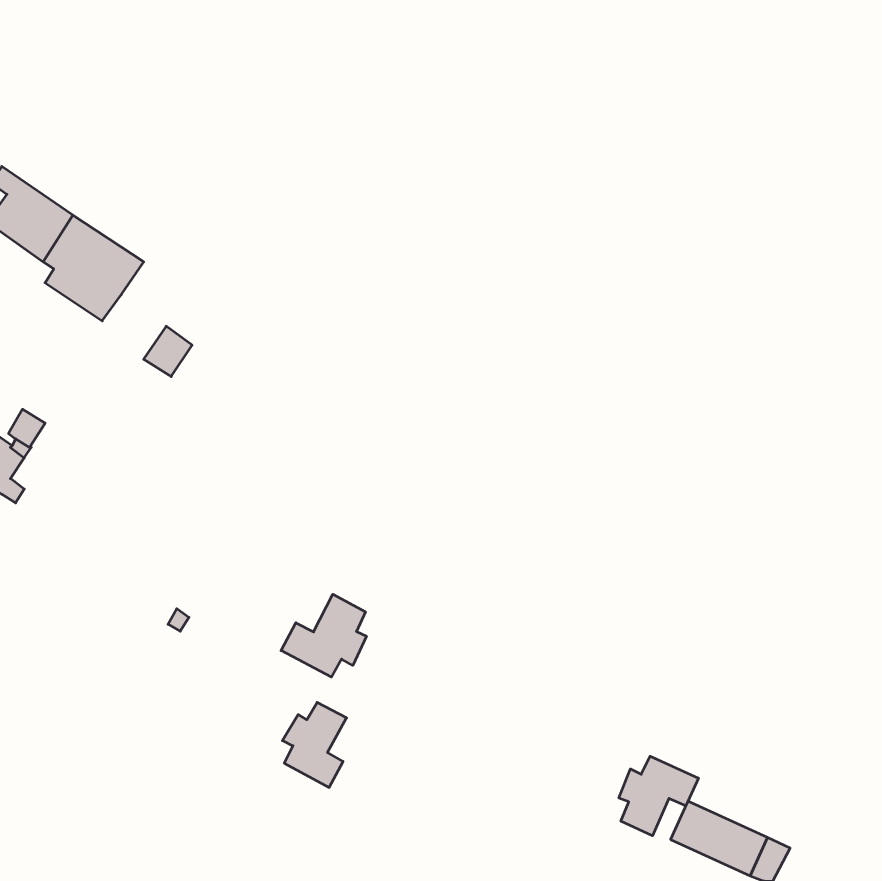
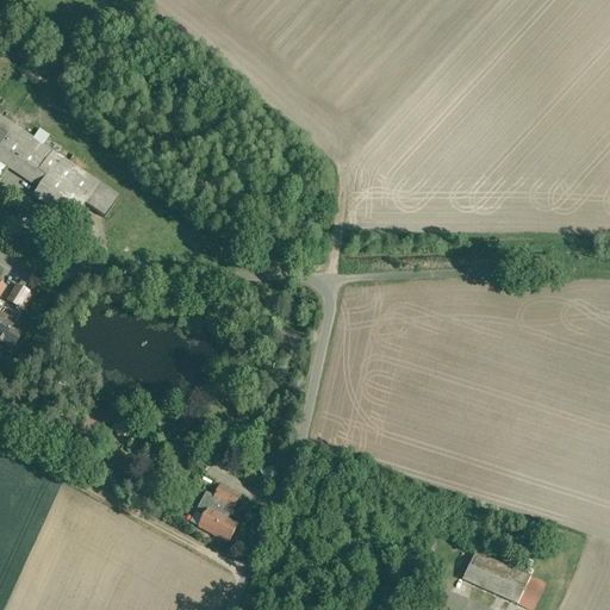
building: [144,326,192,377] -> [83,180,117,214]
building: [281,594,366,677] -> none
building: [619,756,698,836] -> none

